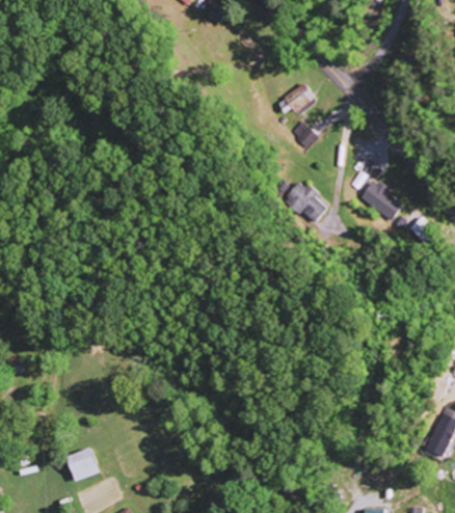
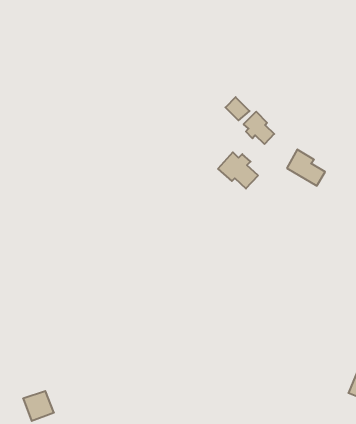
building: [284,82,316,113] -> none
building: none -> [244,112,274,144]

